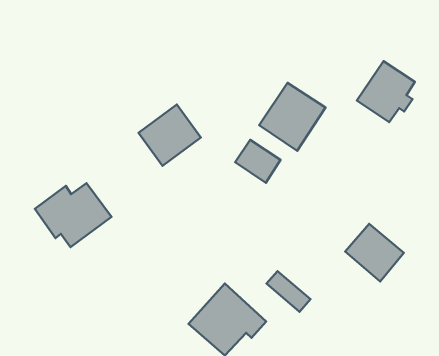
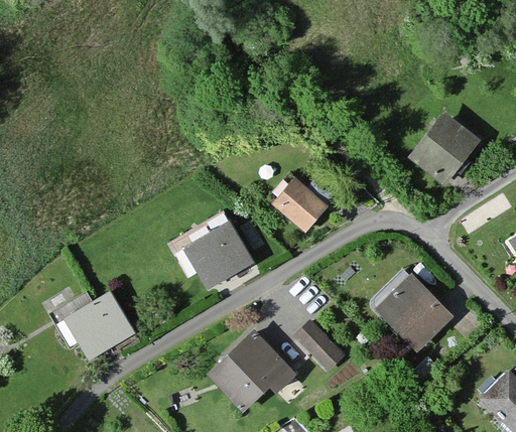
building: [259,83,325,151] -> none
building: [139,105,201,166] -> [185,225,251,288]
building: [35,183,111,247] -> [52,289,133,355]

